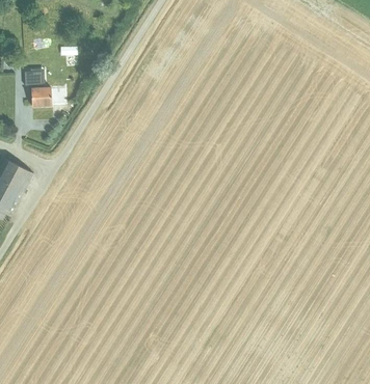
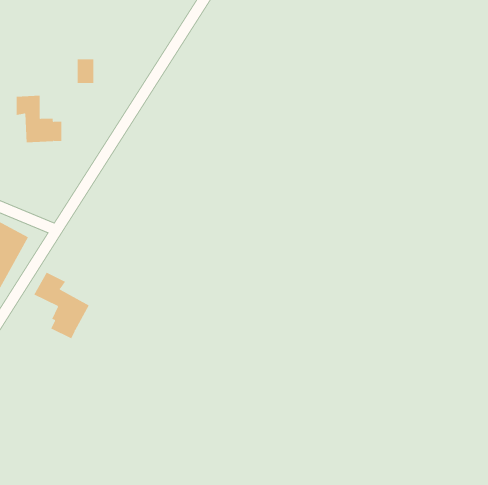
building: none -> [34,272,90,339]

